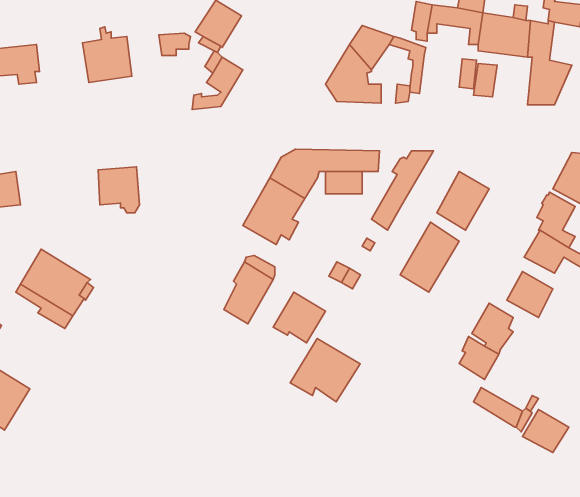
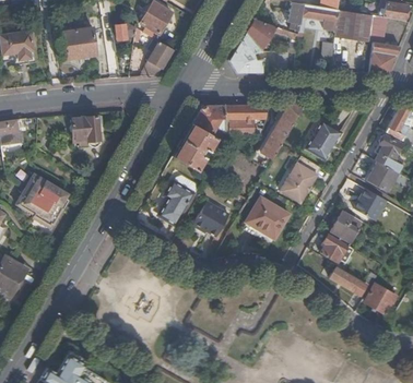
building: [290,338,360,402] -> [241,198,290,241]

